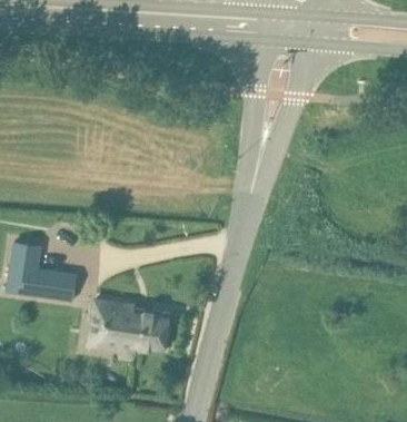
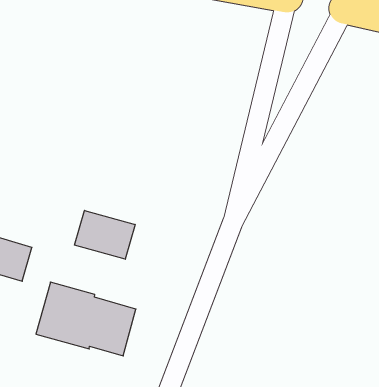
building: none -> [75,210,135,259]

